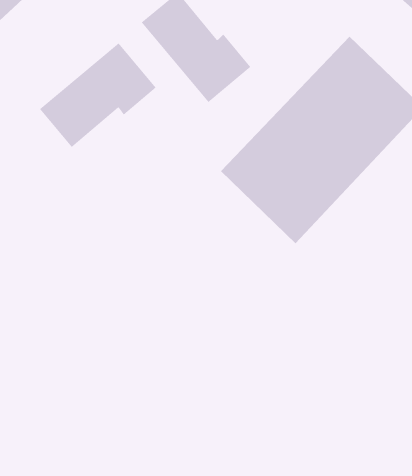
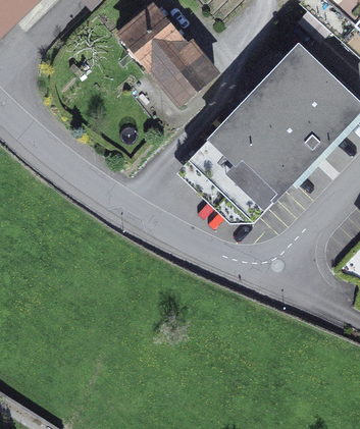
building: [39,42,156,148] -> none

